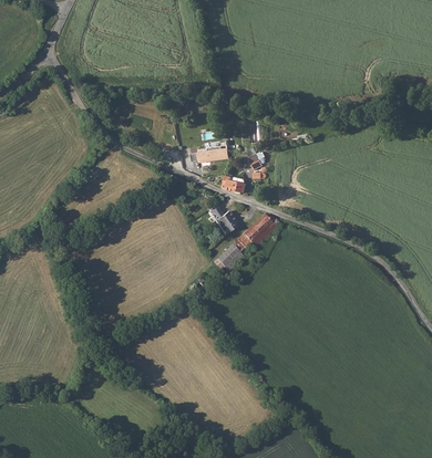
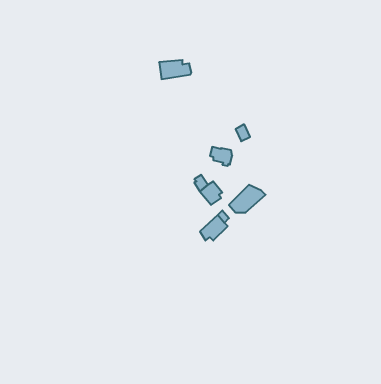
building: [199,146,232,165] -> [159,60,191,79]

